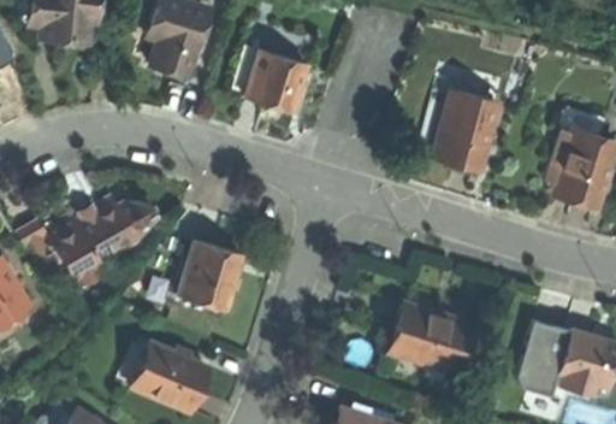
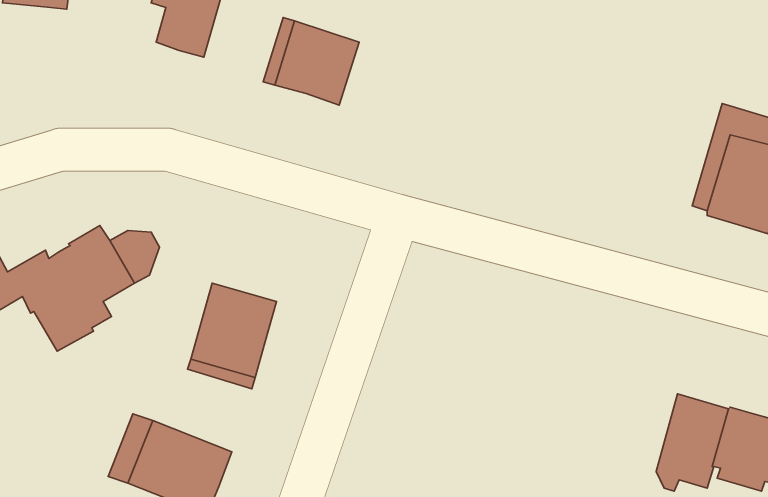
building: [431,90,497,170] -> none
building: [391,305,470,373] -> none

